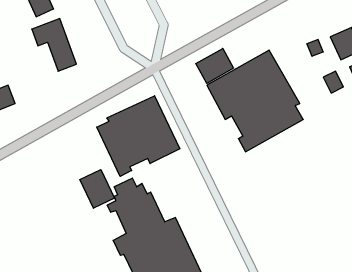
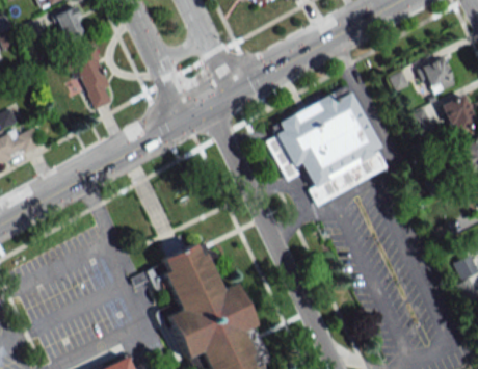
building: [196,48,234,83] -> none
building: [97,96,180,176] -> none
building: [80,170,114,208] -> none

